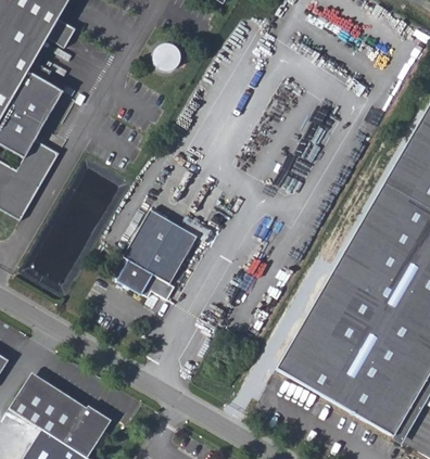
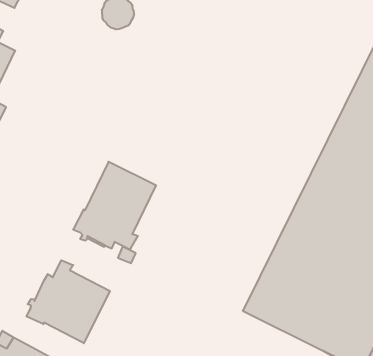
building: none -> [26,260,110,343]

